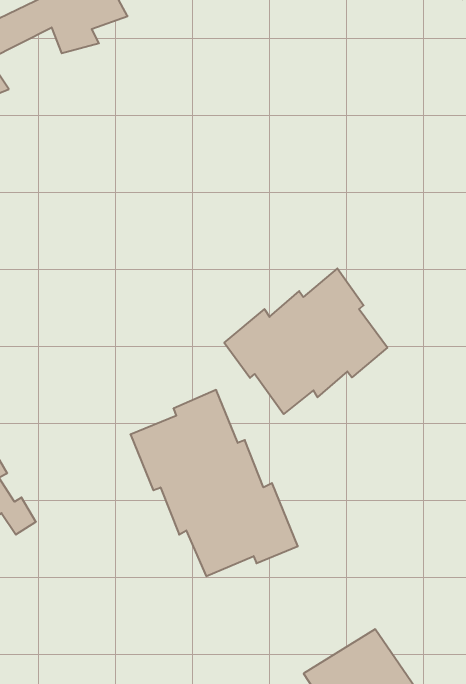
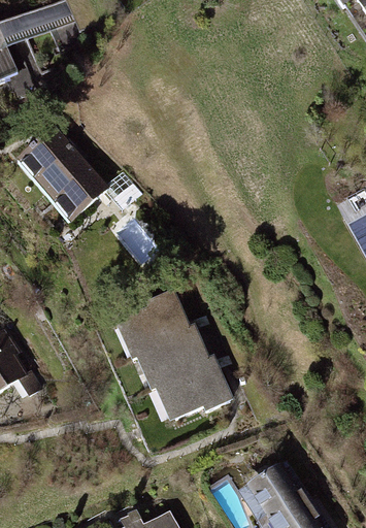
building: none -> [21,127,140,221]
building: [224,268,387,414] -> none

